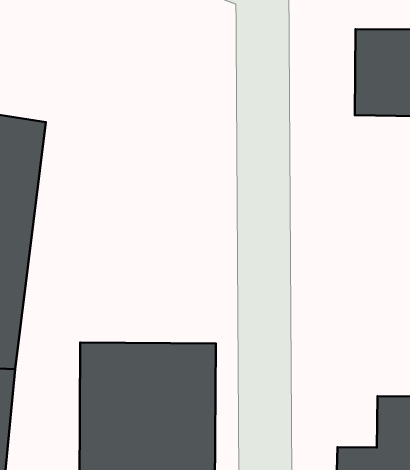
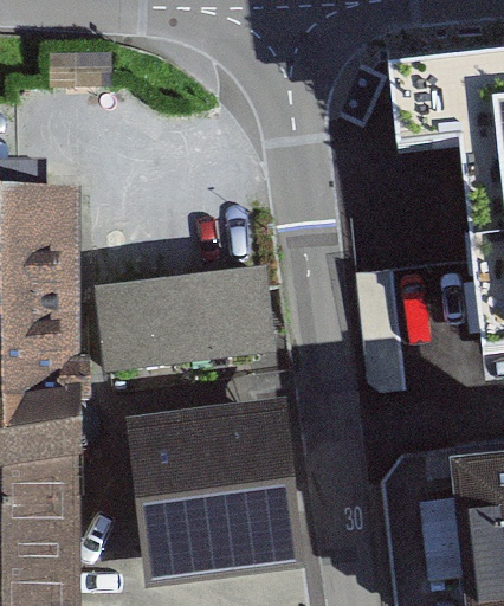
building: none -> [102,275,270,370]

